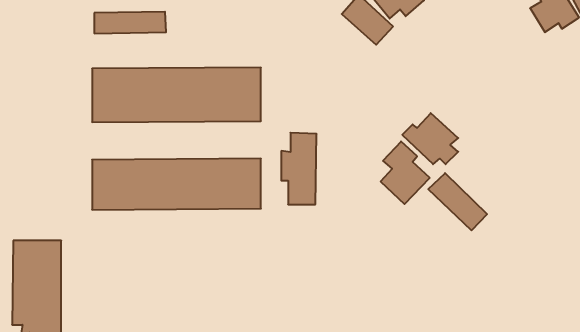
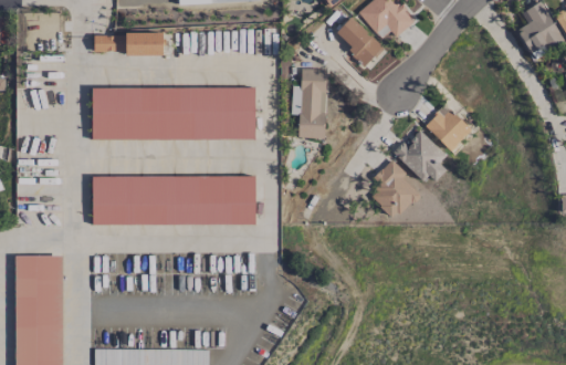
building: none -> [424,106,472,150]
building: [281,133,317,204] -> [292,67,326,137]
building: [428,173,487,230] -> none

